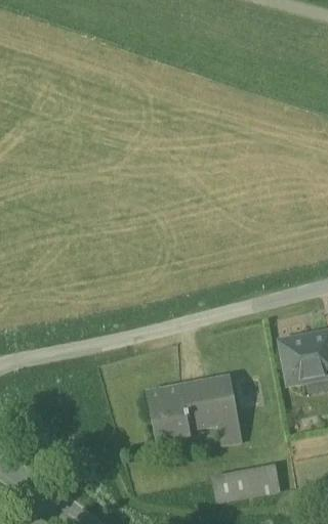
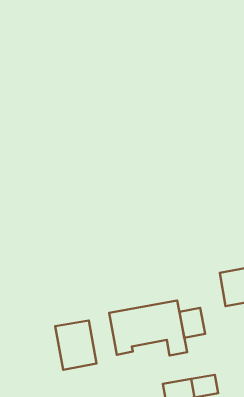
building: none -> [179,308,205,338]
building: none -> [55,320,96,370]

